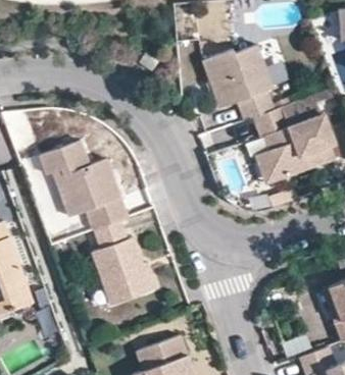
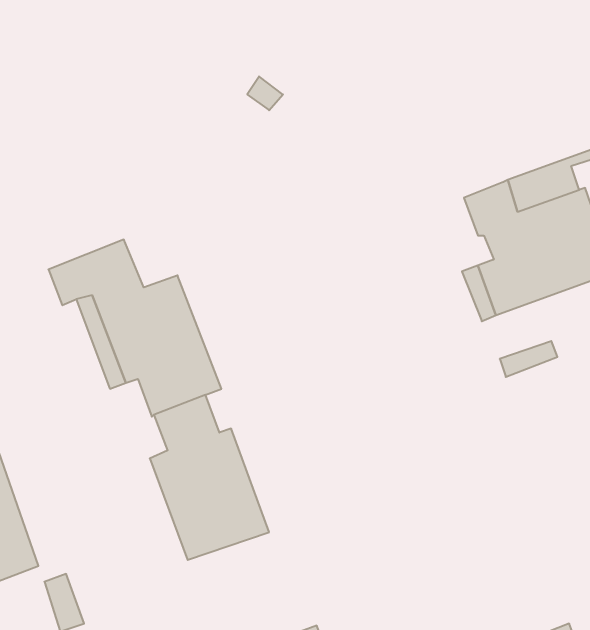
building: [202,46,275,121] -> none

